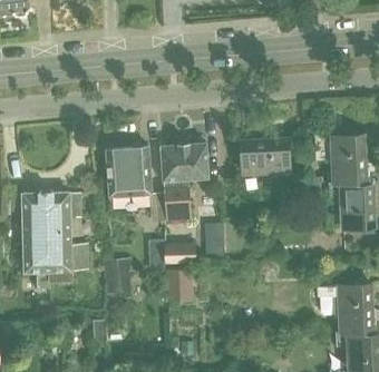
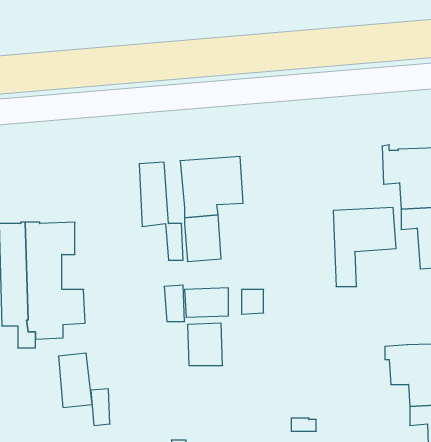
building: [242,138,290,198] -> [333,208,396,287]
building: [106,147,132,196] -> none
building: [106,257,132,298] -> [58,353,92,407]

